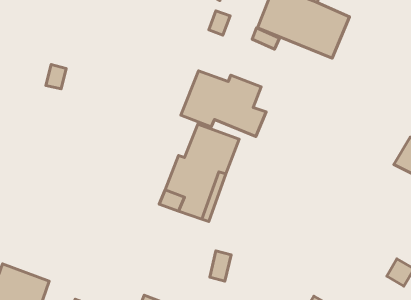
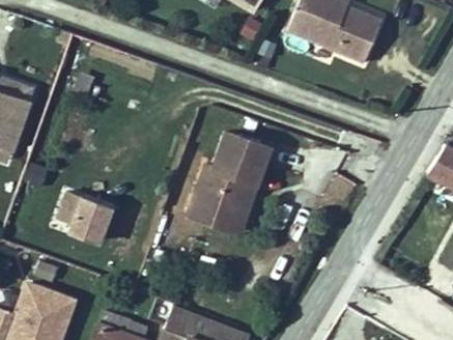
building: [181,71,266,136] -> none
building: none -> [53,194,105,243]

